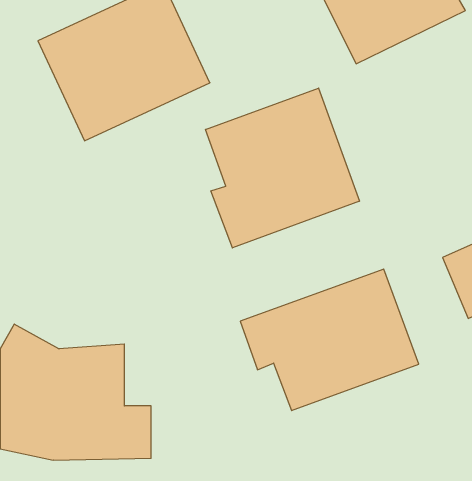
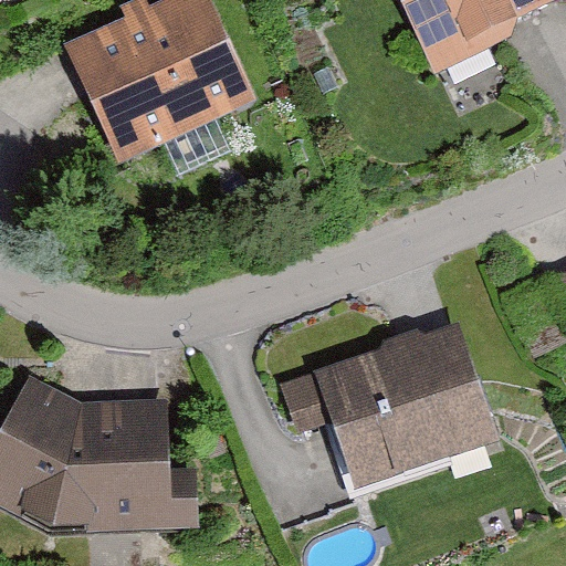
building: [206,88,359,248] -> none

